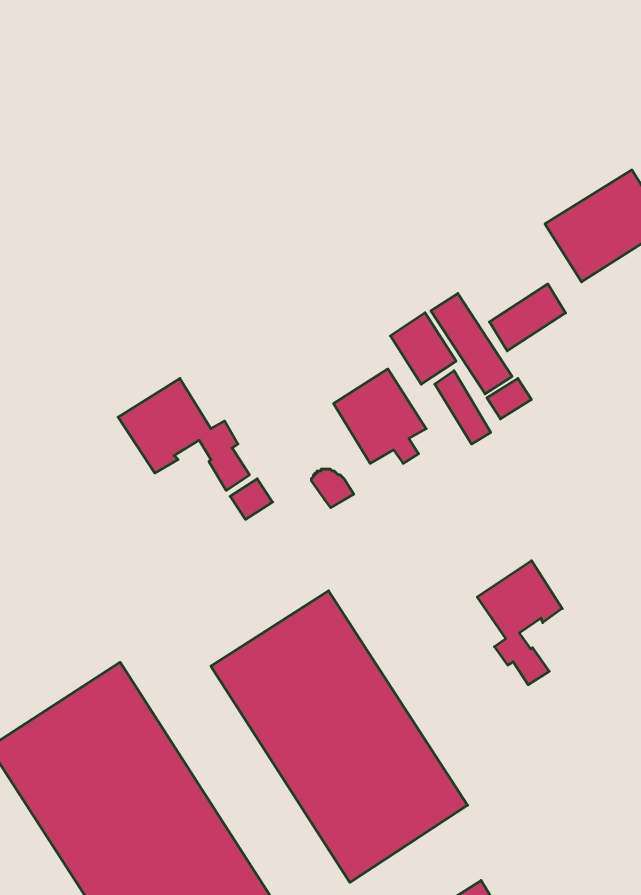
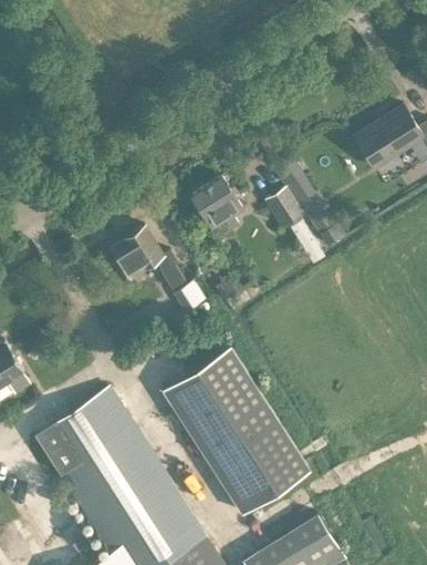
building: [489,284,566,351] -> none
building: [334,369,426,463] -> [191,176,244,230]
building: [477,561,562,685] -> none

